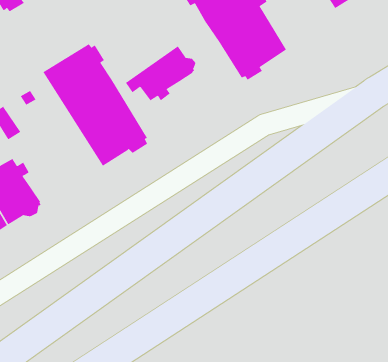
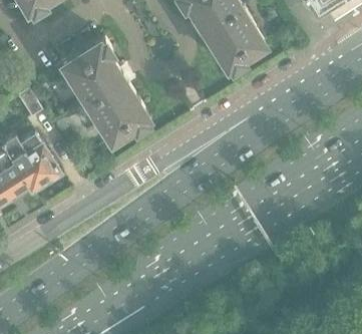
building: [125,45,196,101] -> none

